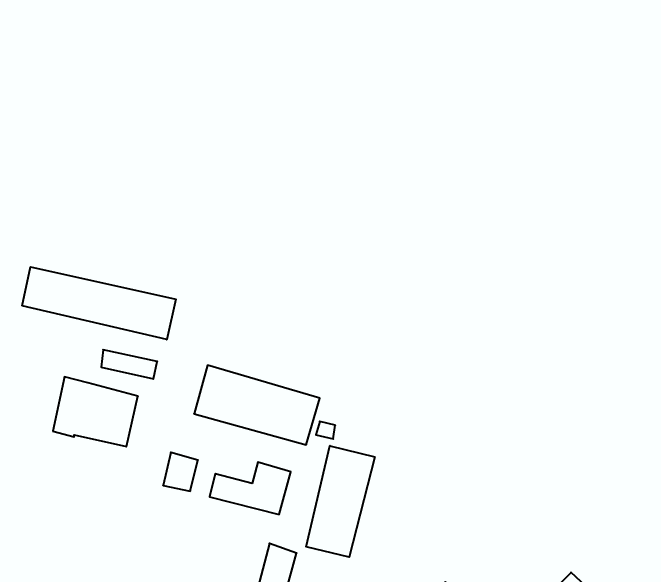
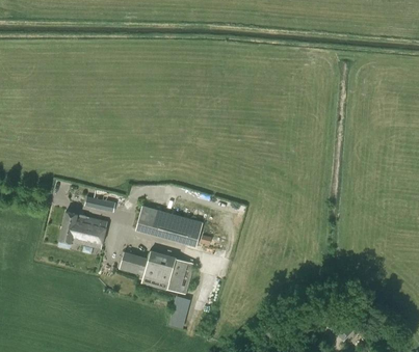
building: [22,267,176,340] -> none
building: [306,446,375,557] -> none

